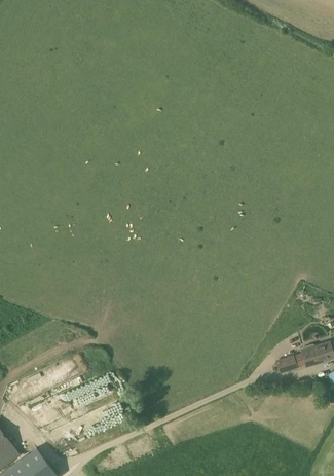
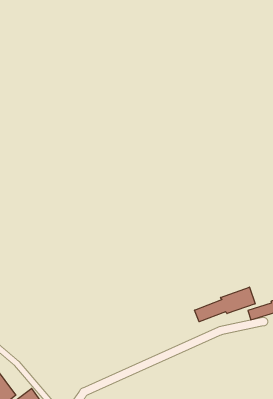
building: none -> [195,287,255,322]

